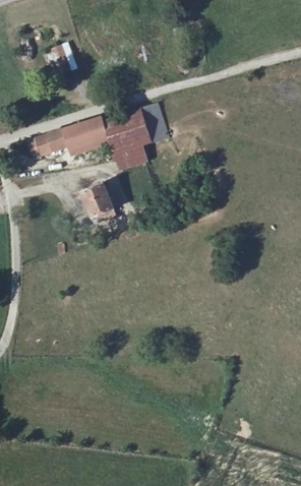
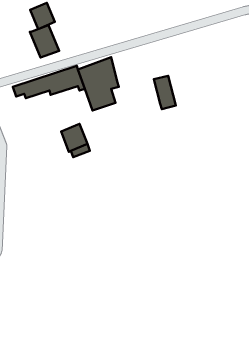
building: none -> [30,25,59,57]
building: [140,103,166,141] -> [154,76,176,109]

